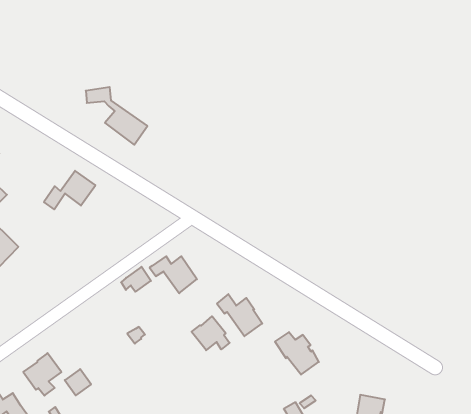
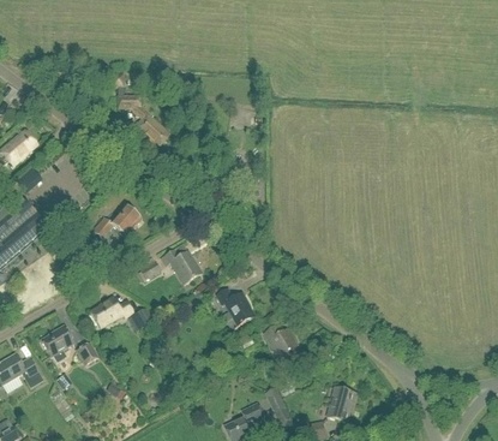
building: [44,171,95,209] -> [94,205,140,238]
building: none -> [90,296,133,327]
building: [192,316,230,350] -> none

